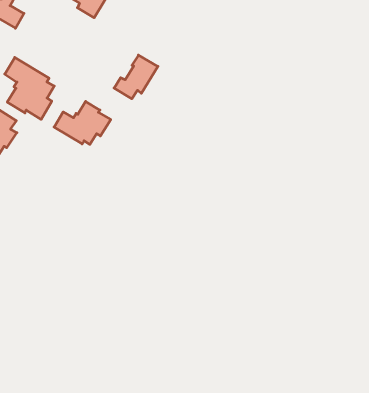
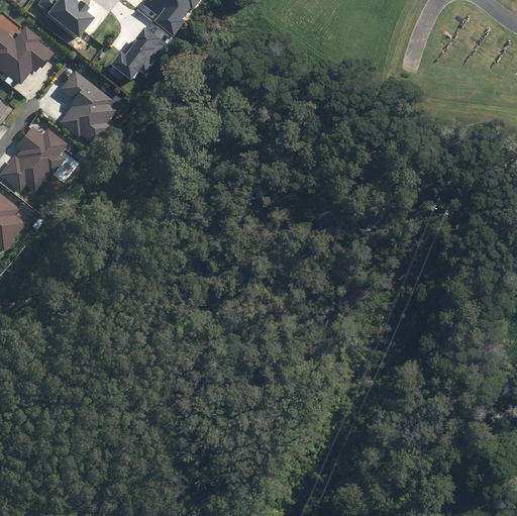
building: [114,55,158,99] -> [111,27,166,78]
building: [54,101,111,144] -> none

